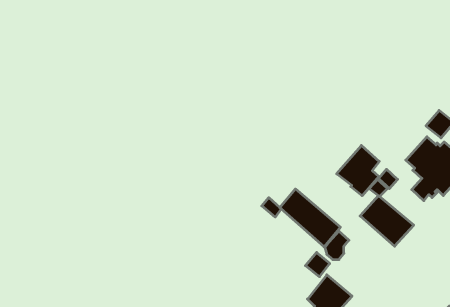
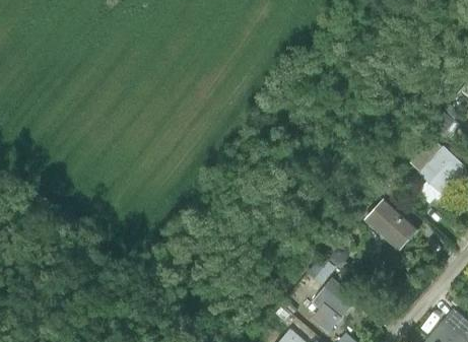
building: [337,145,379,196] -> none
building: [262,189,340,247] -> none

